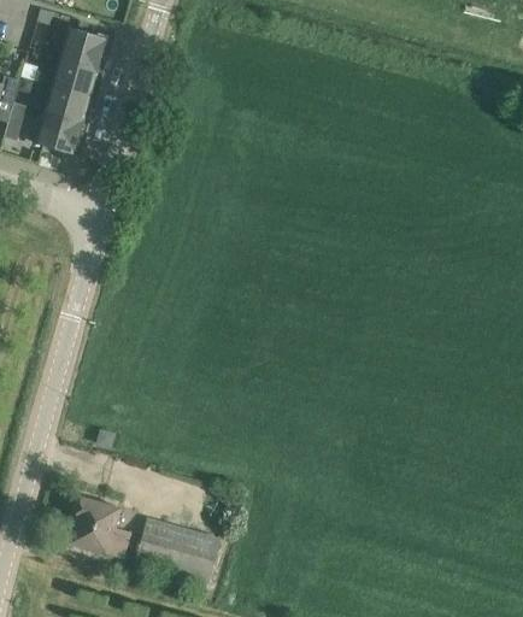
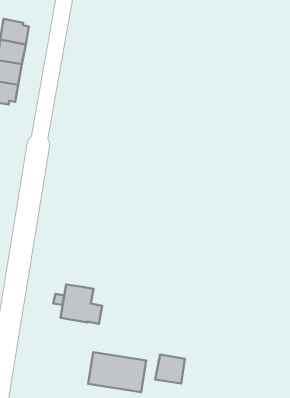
building: [70,496,131,558] -> [60,284,102,324]
building: none -> [155,354,185,384]

